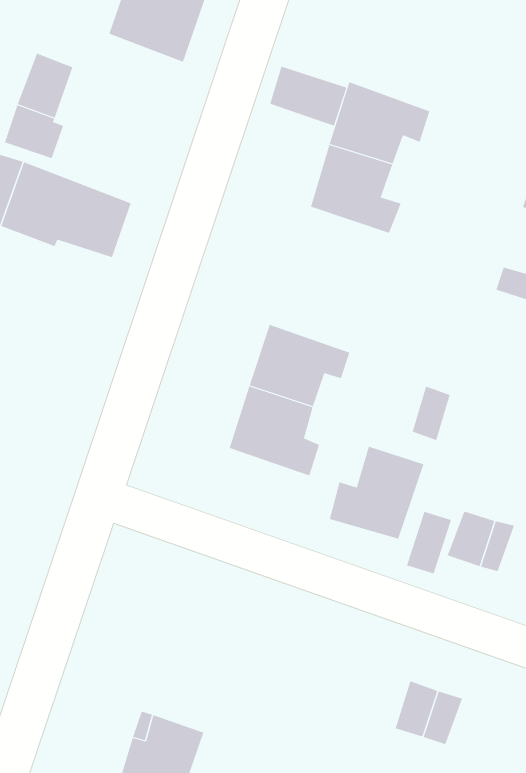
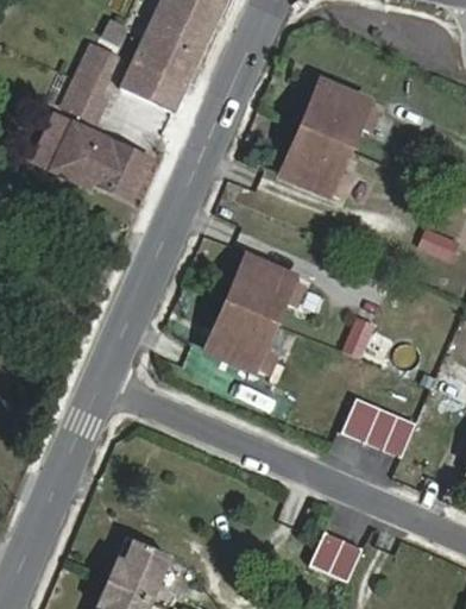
building: none -> [121,32,200,111]
building: [269,66,347,127] -> none
building: [329,446,424,539] -> none

